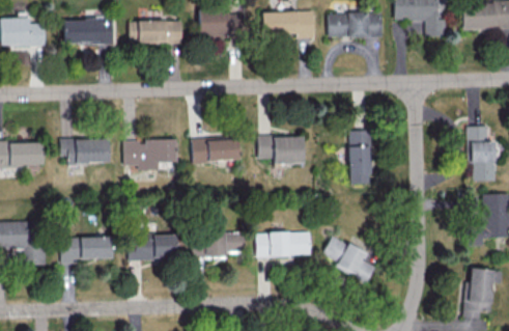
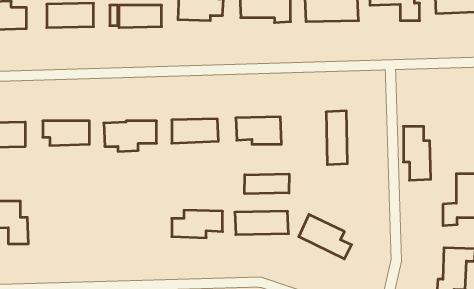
building: [468,127,496,182] -> [403,126,431,180]
building: none -> [245,174,289,194]
building: [130,236,177,260] -> none
building: [61,237,114,265] -> none

